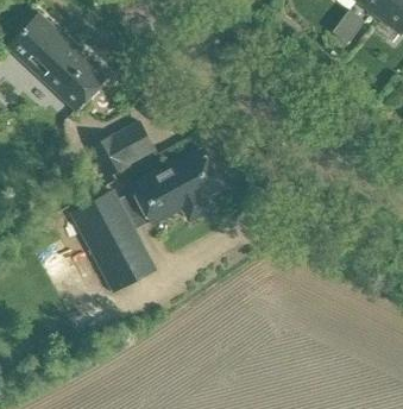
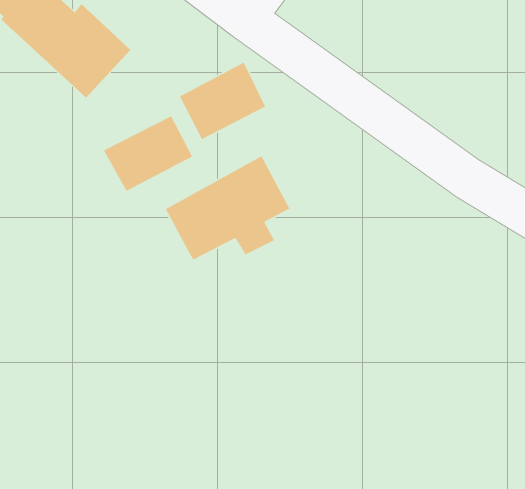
building: none -> [179,62,266,140]
building: [74,191,155,291] -> none

